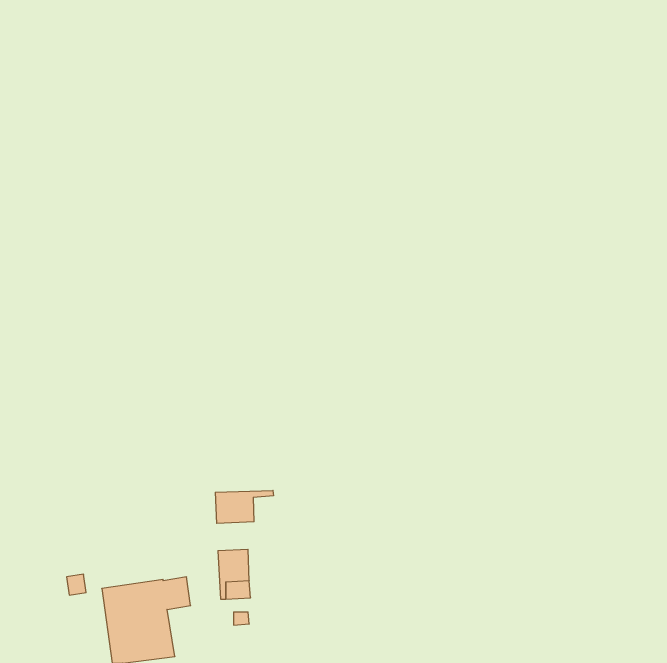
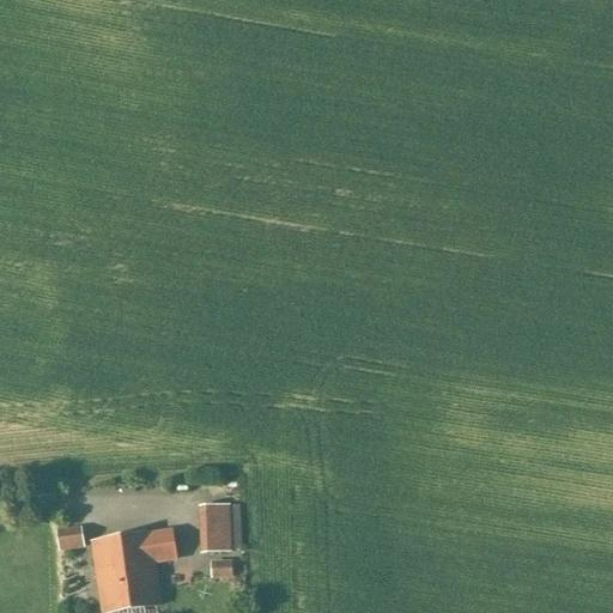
building: [215,490,273,523] -> none

